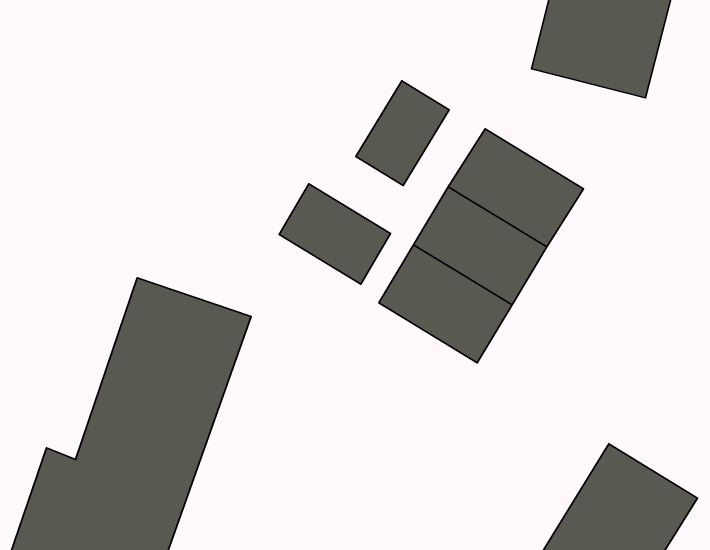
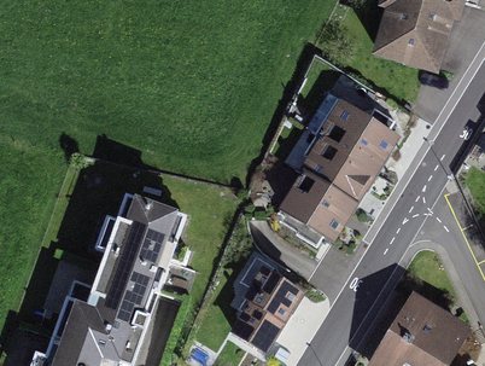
building: [356,81,449,186] -> none
building: [279,184,391,284] -> none
building: none -> [229,267,304,349]

